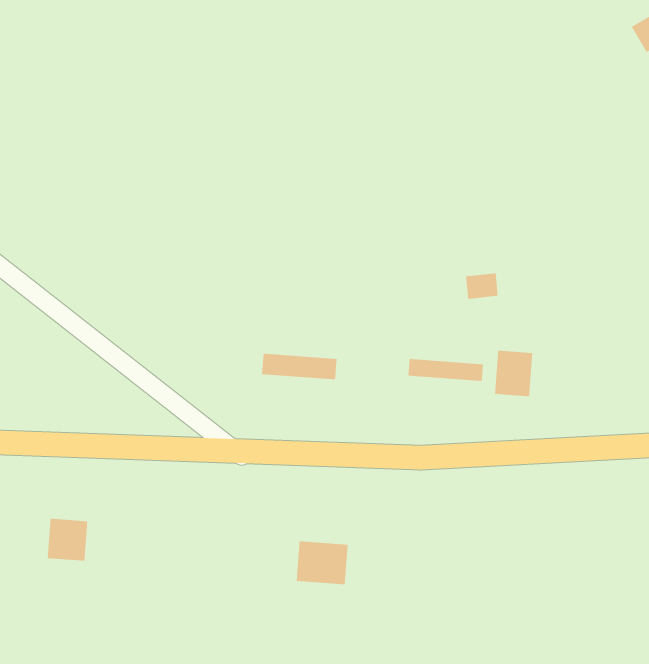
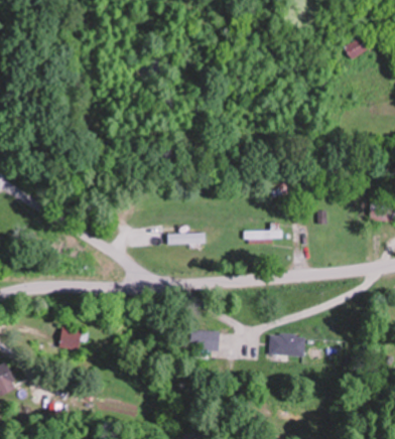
building: [495,350,533,397] -> none
building: none -> [268,334,303,355]

